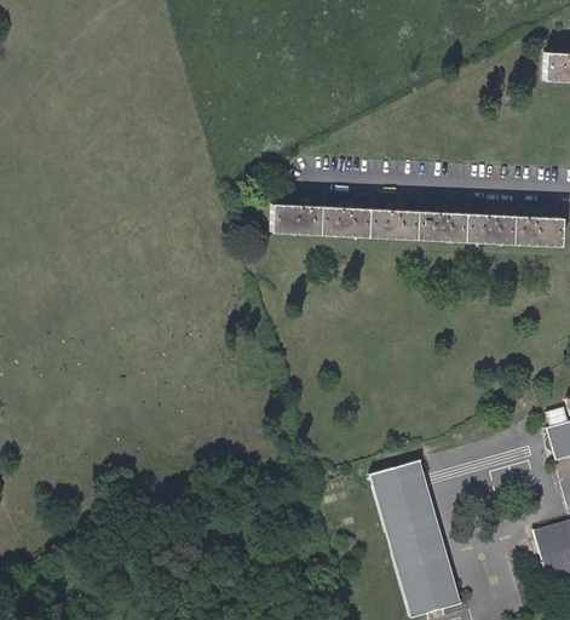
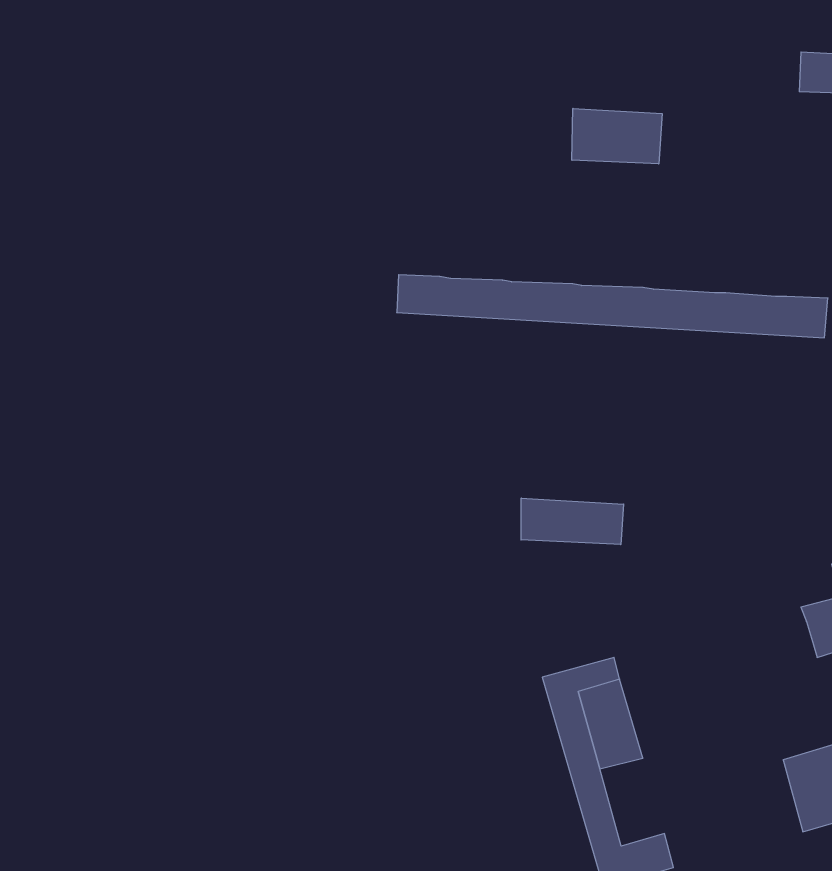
building: none -> [572,108,662,164]
building: none -> [521,498,624,545]
building: [410,529,454,589] -> none

